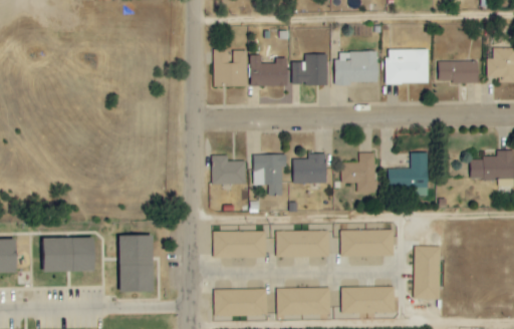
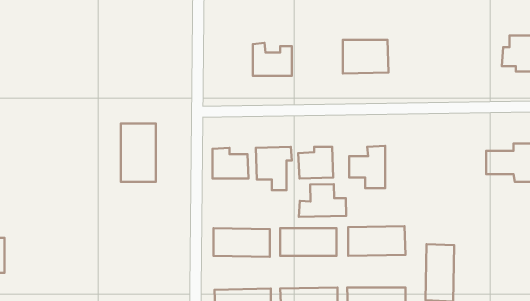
building: [386,49,429,84] -> none
building: [213,50,247,87] -> none
building: [292,54,327,85] -> none
building: [439,61,478,83] -> none
building: [389,152,428,191] -> none
building: none -> [299,184,346,217]
building: [119,237,153,292] -> [121,123,156,182]
building: [43,239,93,272] -> none

